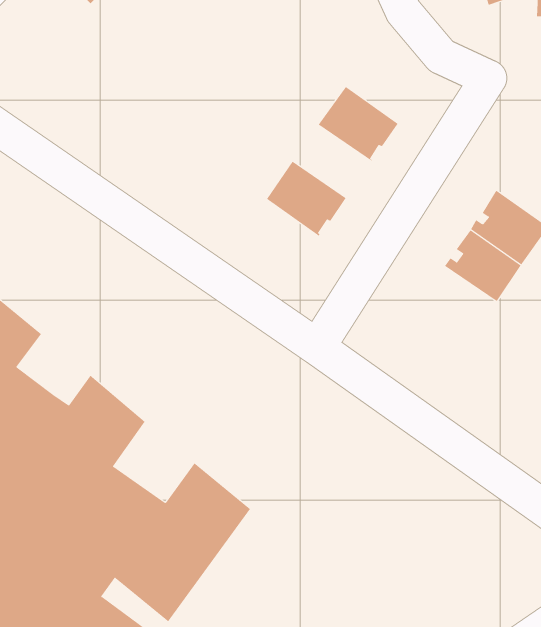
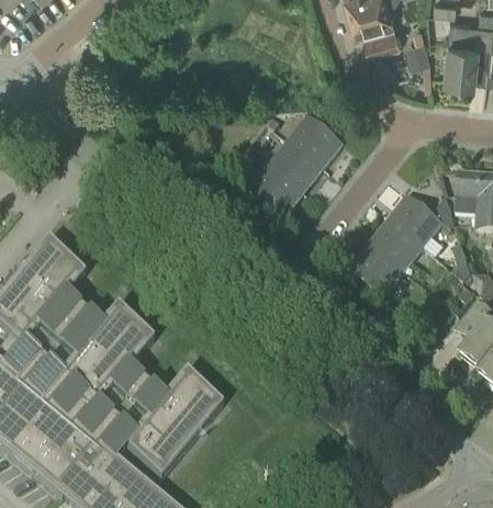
building: none -> [268,136,324,189]
building: none -> [349,240,404,293]

